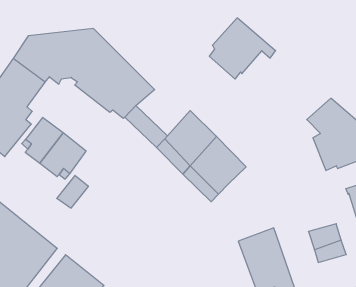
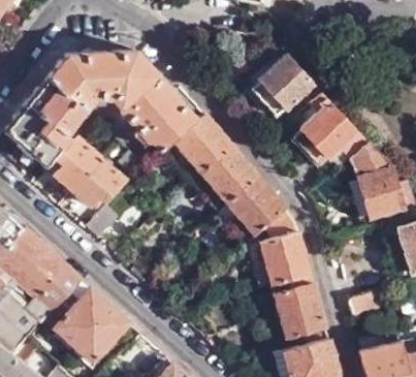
building: none -> [299,88,380,171]
building: none -> [174,114,231,169]
building: none -> [261,208,311,285]

